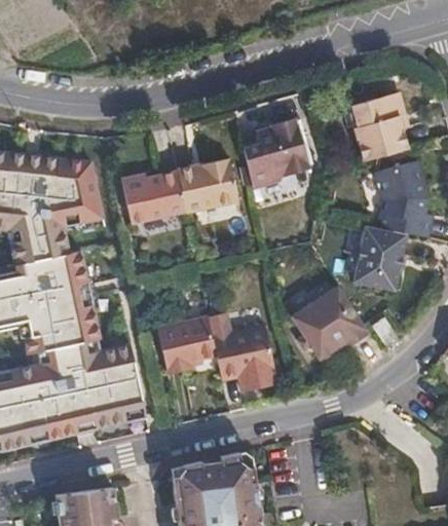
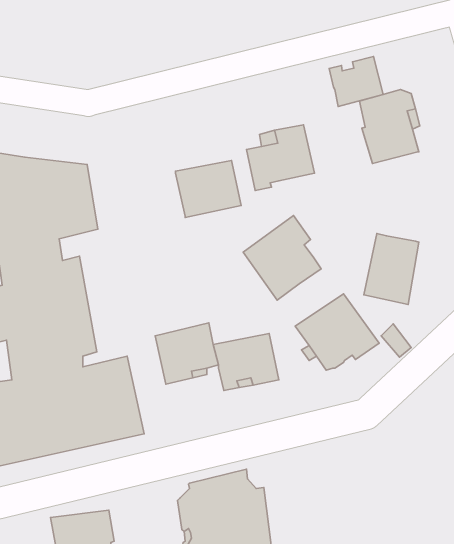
building: none -> [329,57,383,107]
building: [374,162,431,238] -> none
building: [117,170,184,223] -> none
building: none -> [243,216,321,300]

